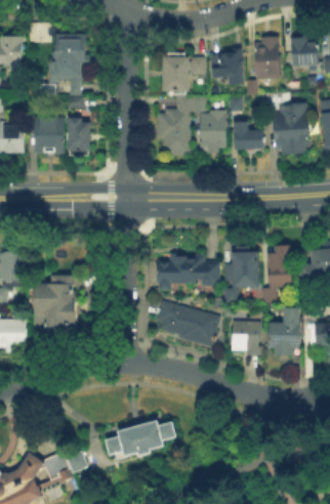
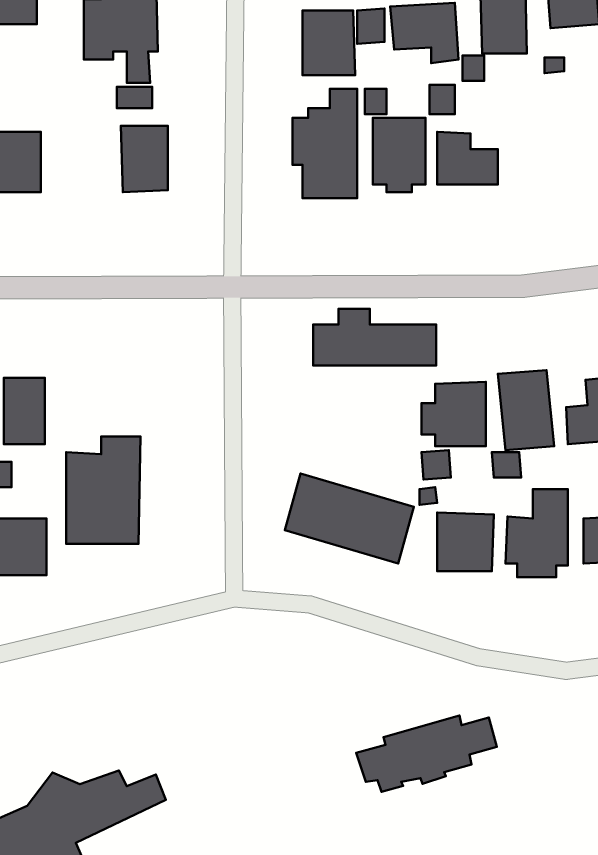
building: [271,103,310,150] -> none
building: [33,117,65,153] -> none
building: [156,253,220,283] -> [313,309,436,366]
building: [105,420,178,460] -> [356,716,497,792]

